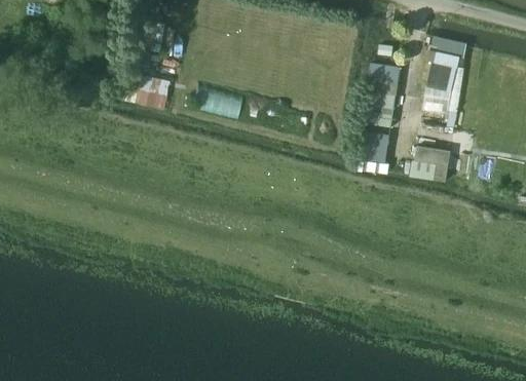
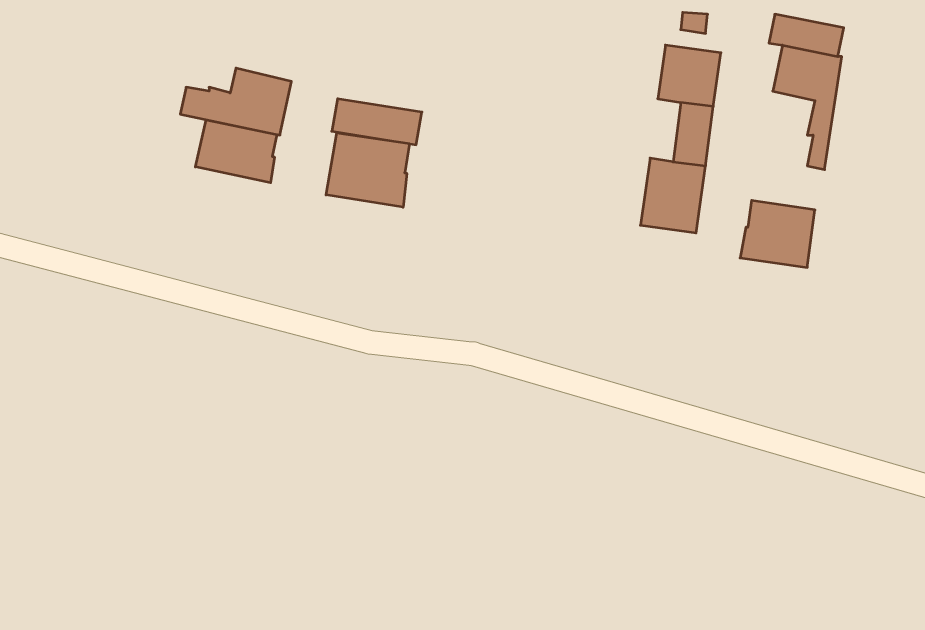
building: none -> [195,120,277,183]
building: none -> [326,133,409,207]

